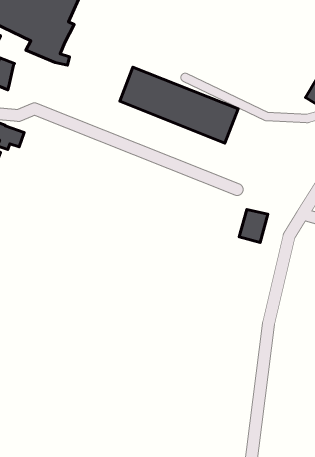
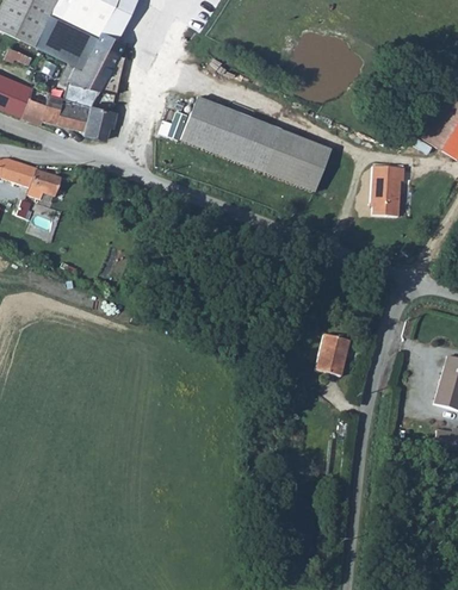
building: none -> [42,74,117,138]
building: none -> [371,164,404,216]
building: [239,209,268,242] -> [315,334,351,375]

